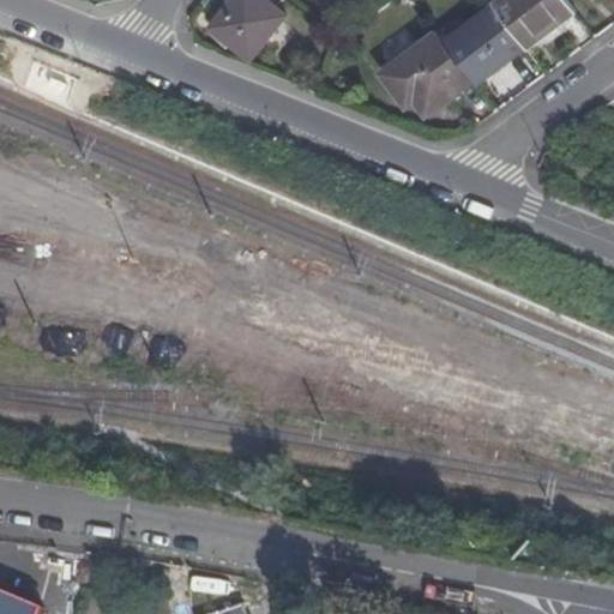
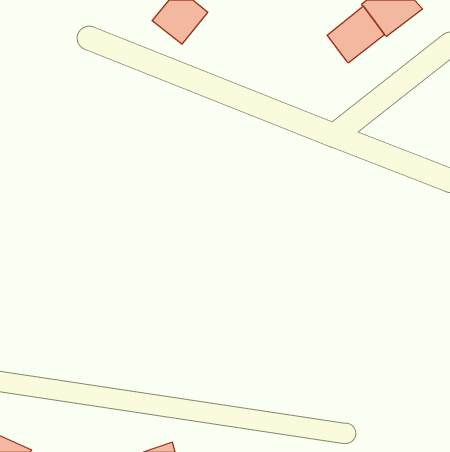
building: [379,35,470,119] -> none

